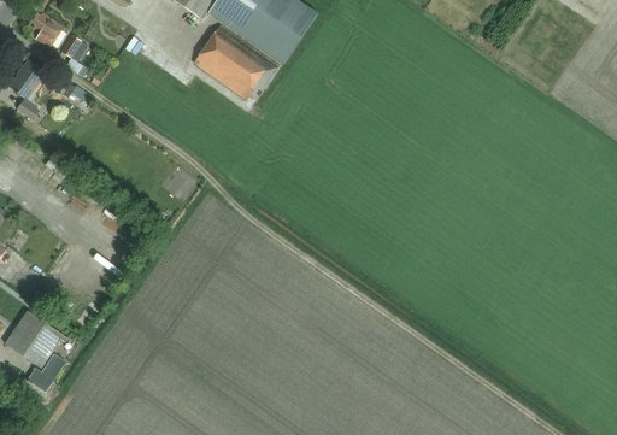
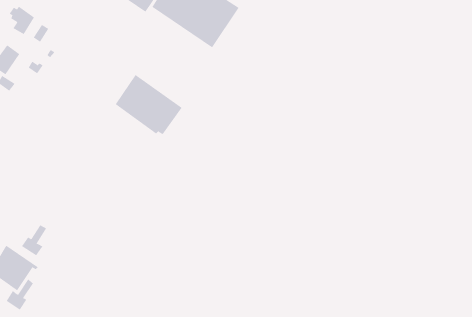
building: [193,24,277,100] -> [115,74,182,135]
building: none -> [21,225,47,256]

